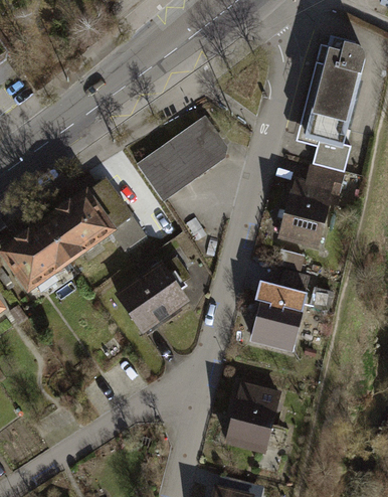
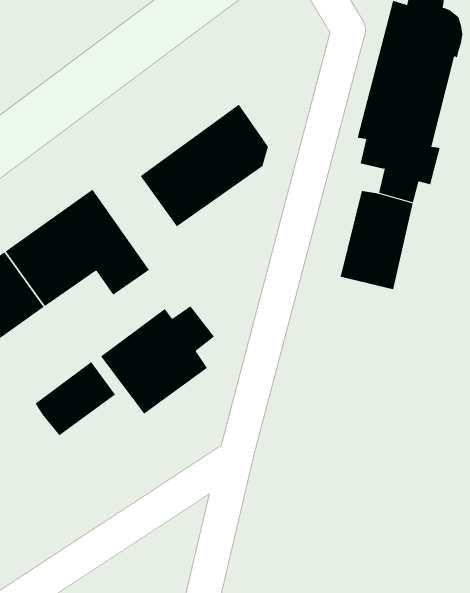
building: [251,267,332,352] -> none
building: none -> [35,361,116,436]
building: [226,379,278,450] -> none

